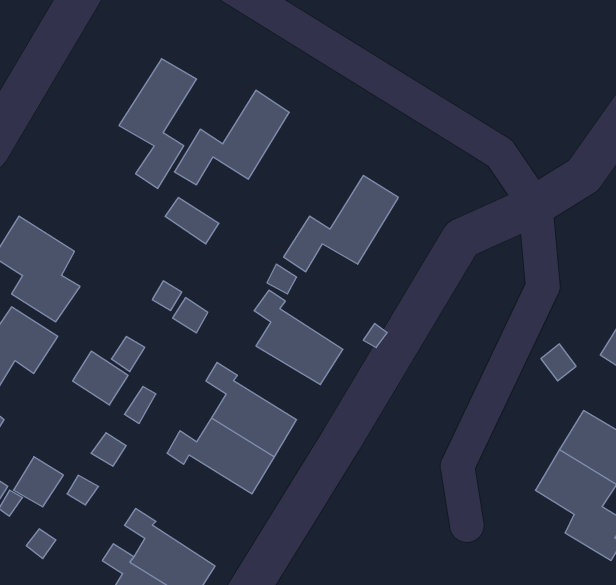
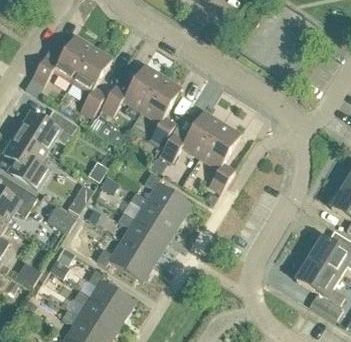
building: none -> [31,34,94,85]
building: none -> [141,75,182,145]
building: none -> [17,109,78,150]
building: none -> [200,121,241,191]
building: none -> [130,191,180,241]
building: none -> [88,268,135,320]

